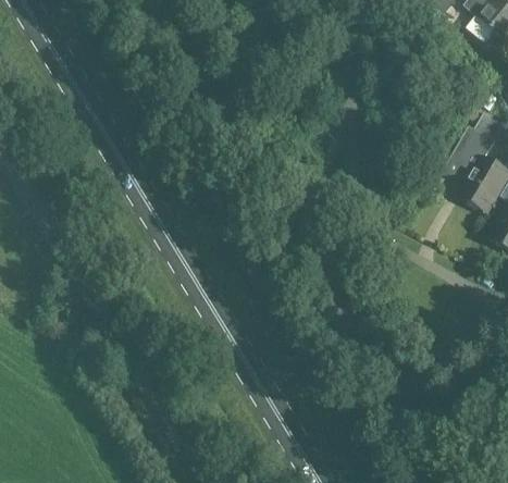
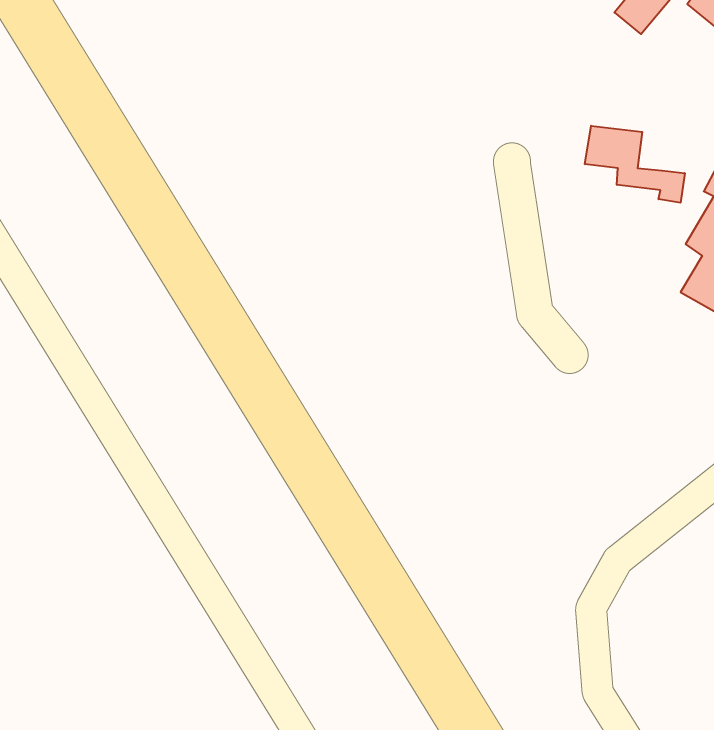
building: none -> [585,126,685,203]

